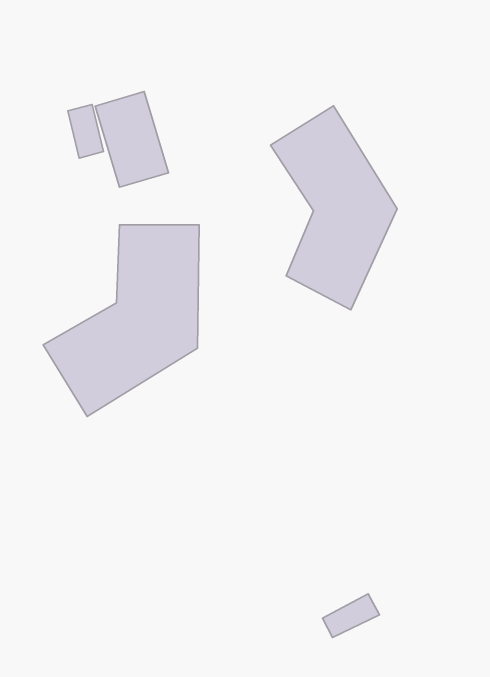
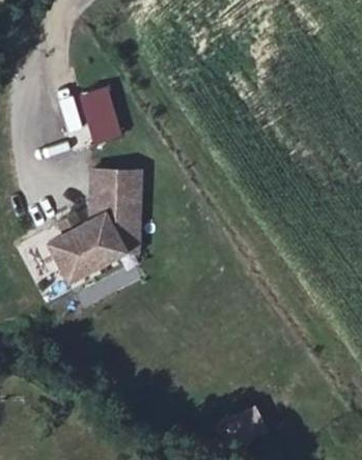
building: [270,106,397,310] -> none

